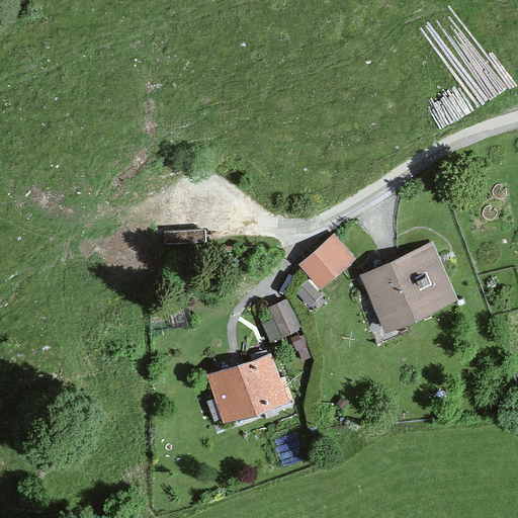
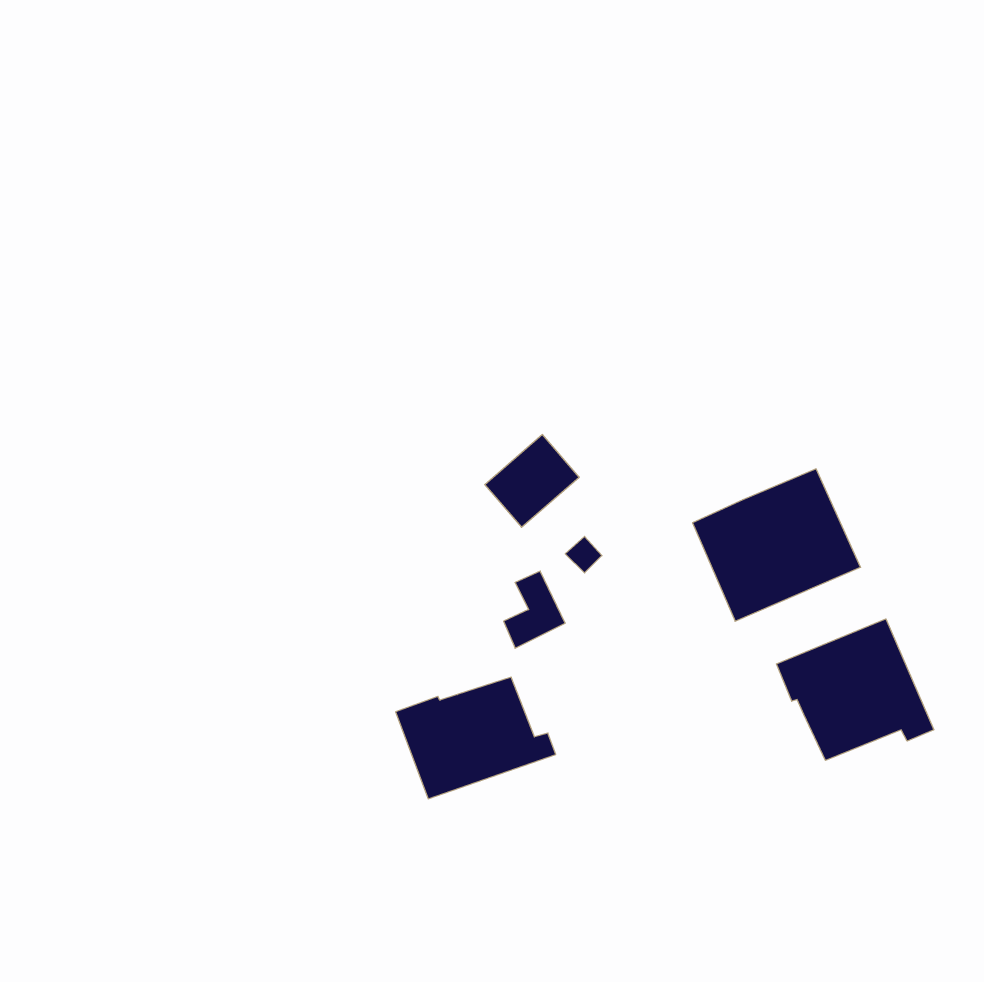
building: [301,237,351,285] -> [485,435,579,527]
building: none -> [776,619,934,760]

